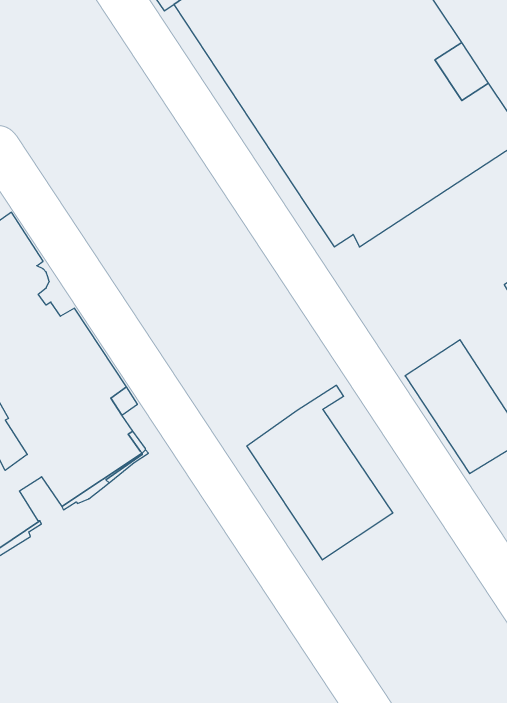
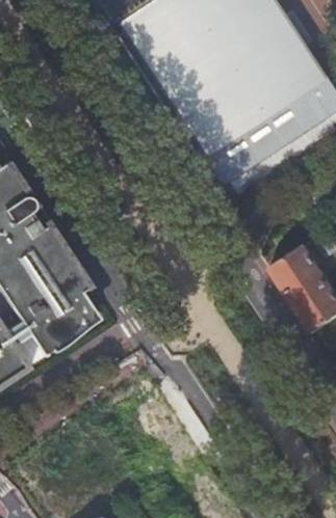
building: [247,385,393,560] -> none

